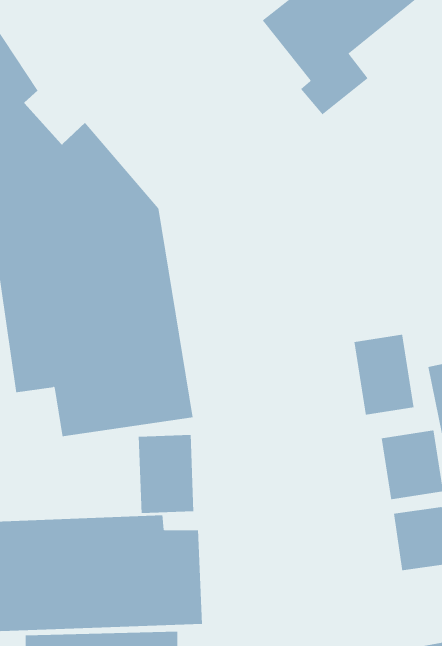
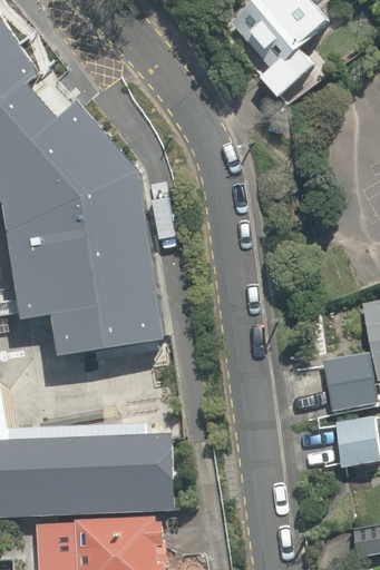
building: [354,334,414,416] -> none
building: [138,434,194,514] -> none

